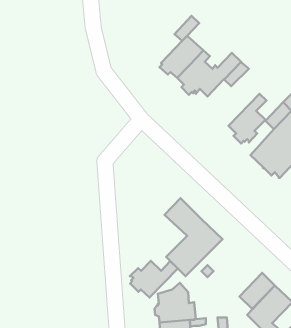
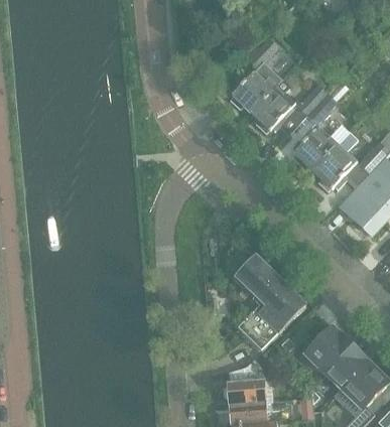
building: none -> [293,124,351,169]
building: none -> [305,325,354,374]
building: [130,261,178,298] -> none

